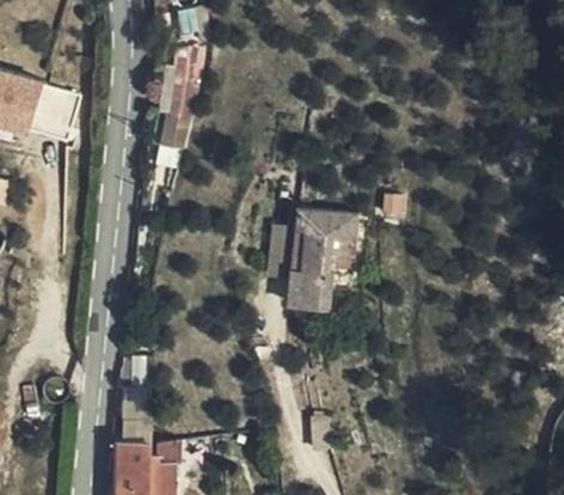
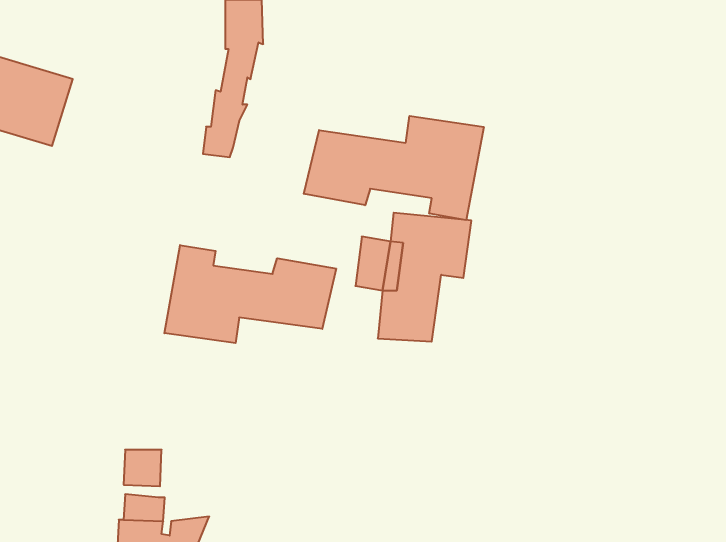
building: none -> [304,116,484,220]
building: none -> [164,245,336,343]

